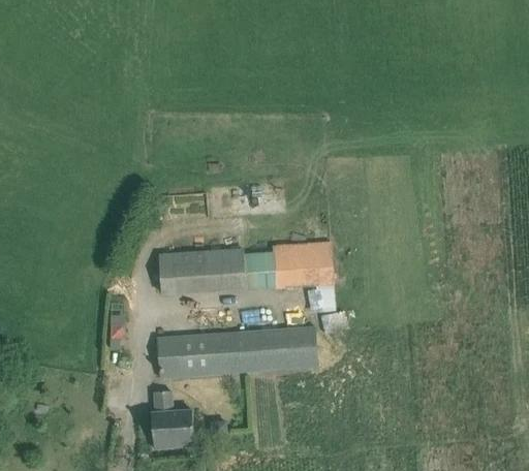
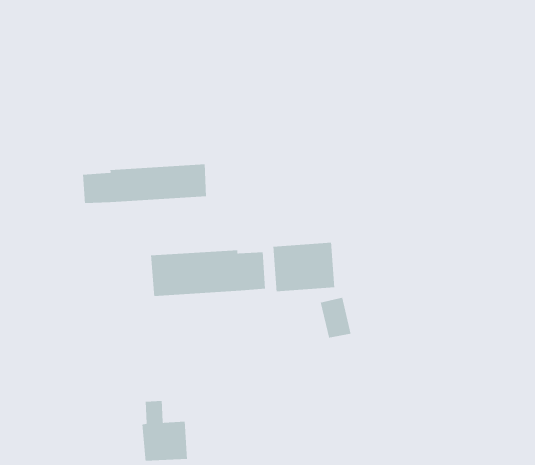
building: none -> [82,164,207,204]
building: [167,326,317,377] -> none

